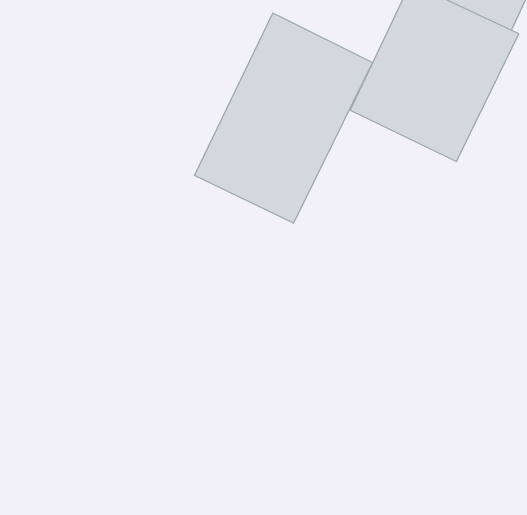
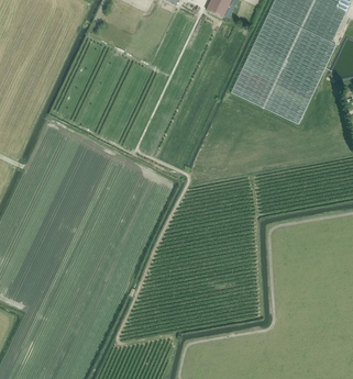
building: [195,13,373,223] -> none

